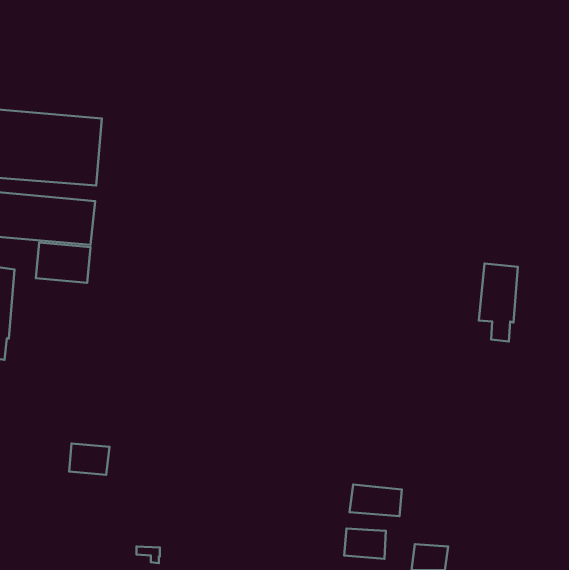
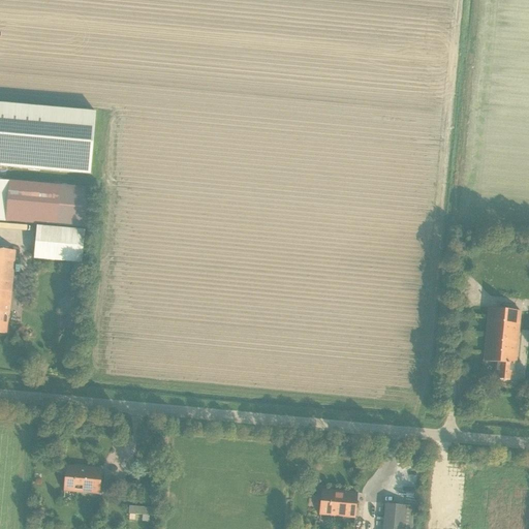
building: [479,263,518,342] -> [483,307,519,379]
building: [69,444,110,475] -> [63,464,100,493]
building: [349,484,402,516] -> none

